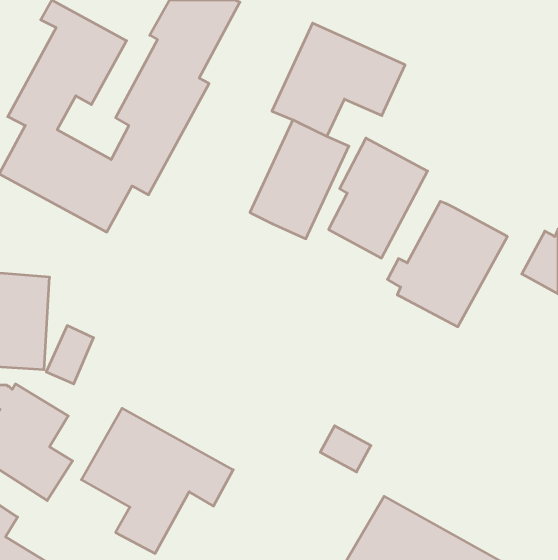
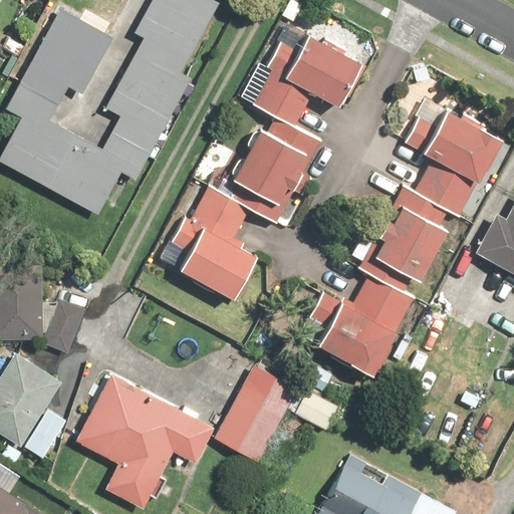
building: [329,138,428,258] -> [415,108,505,218]
building: none -> [167,186,261,301]
building: none -> [307,273,418,374]
building: none -> [213,363,303,462]

